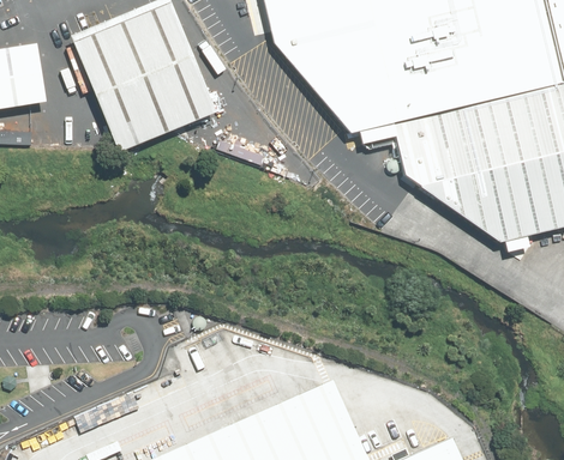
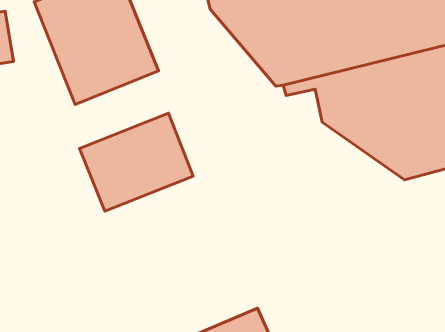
building: none -> [80,113,193,211]

